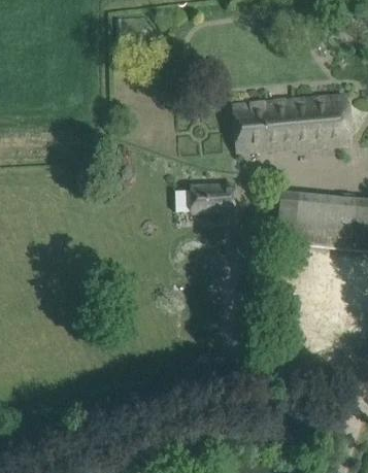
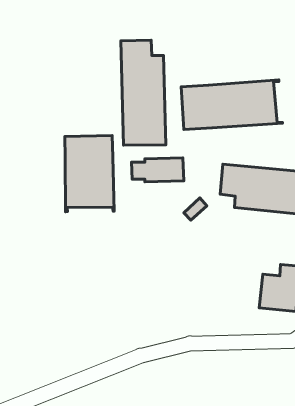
building: none -> [121,40,166,145]
building: none -> [65,136,114,212]

